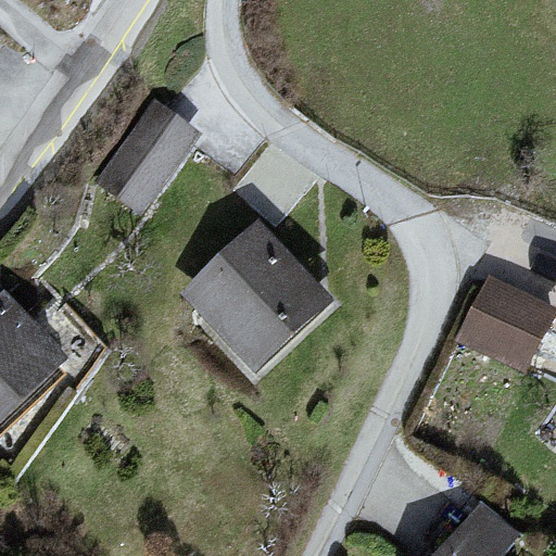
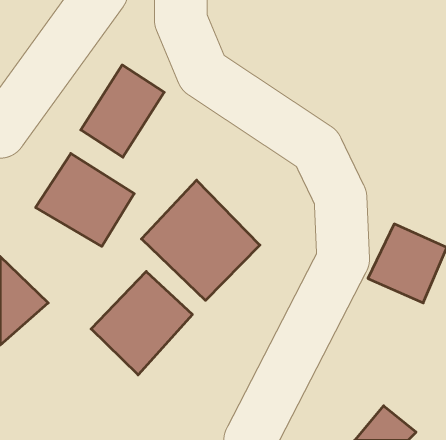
building: none -> [36,153,134,246]
building: none -> [91,271,192,375]

